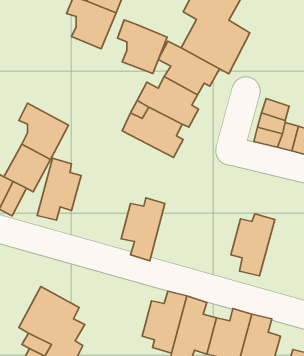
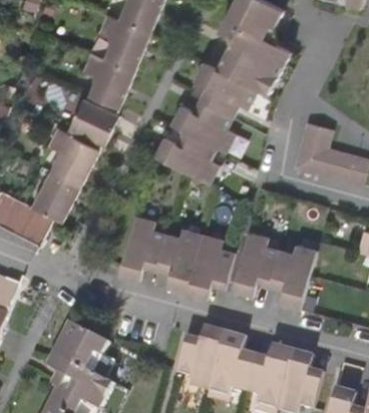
building: [117,20,167,73] -> [81,51,133,107]
building: none -> [68,98,118,145]
building: [37,158,81,220] -> [118,214,164,279]
building: none -> [232,231,280,295]
building: none -> [185,232,234,298]

